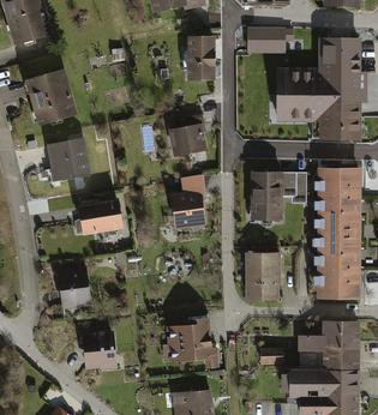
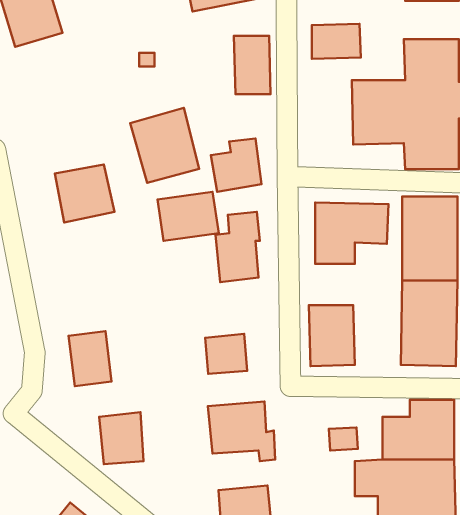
building: [24,70,78,128] -> [130,108,199,183]
building: [76,199,124,237] -> [158,192,219,241]
building: none -> [205,334,247,374]

